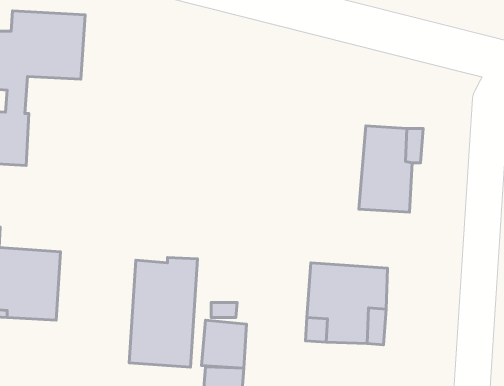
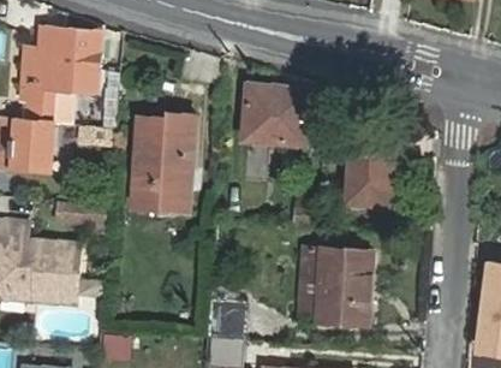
building: none -> [243,88,305,144]
building: [129,258,197,367] -> [133,118,193,214]

